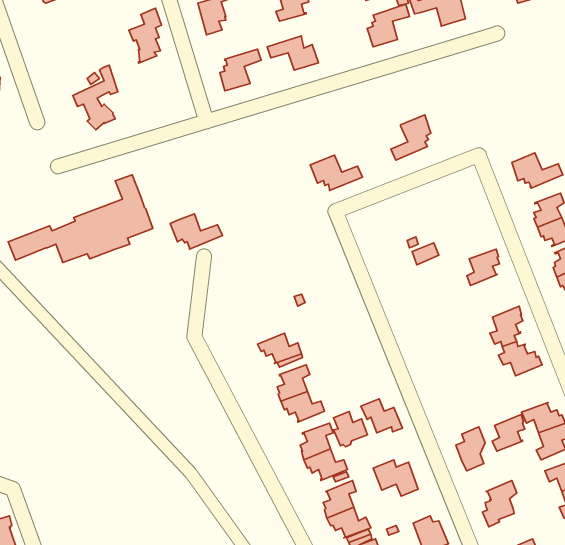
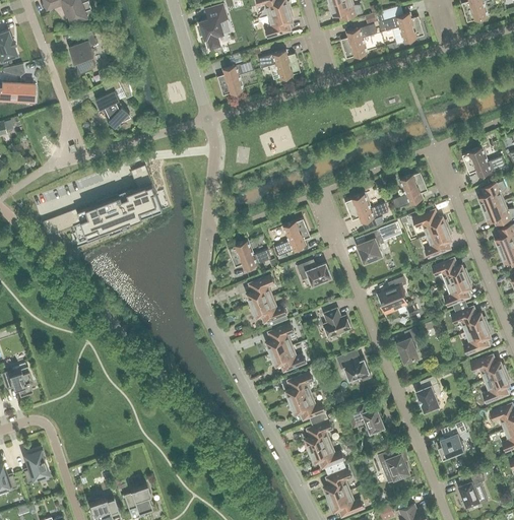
building: [129,8,162,63] -> [69,29,97,75]
building: [391,115,431,160] -> [392,171,426,208]
building: [310,155,362,190] -> [344,193,388,222]
building: [170,214,222,249] -> [228,240,271,269]
building: none -> [412,209,449,235]
building: none -> [275,217,309,255]
building: none -> [358,229,384,262]
building: none -> [432,258,468,283]
building: none -> [297,260,331,285]
building: none -> [247,274,274,306]
building: none -> [380,275,407,317]
building: none -> [397,327,420,362]
building: [333,412,367,447] -> [323,308,351,337]
building: [492,415,525,451] -> [463,323,491,353]

